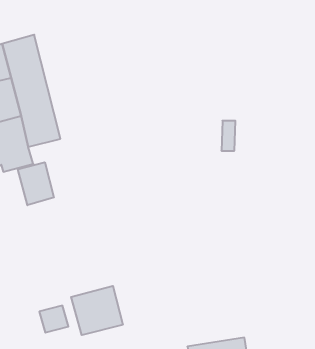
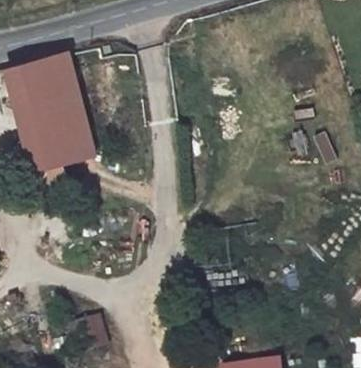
building: [18,162,54,205] -> none
building: [71,286,123,335] -> none

